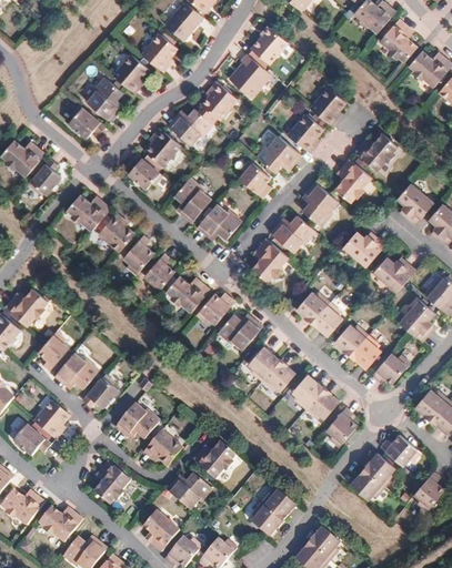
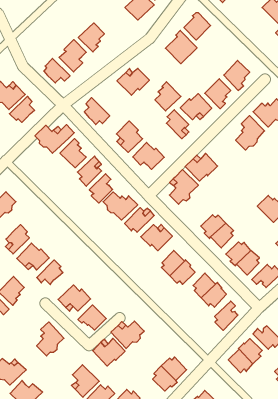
building: [135,27,170,65] -> none
building: [202,79,237,118] -> [155,82,181,111]
building: [145,126,181,166] -> none
building: [302,182,339,225] -> none
building: [343,233,385,267] -> none

